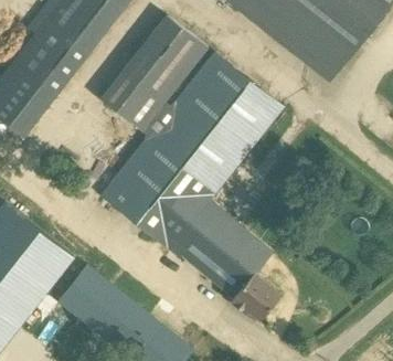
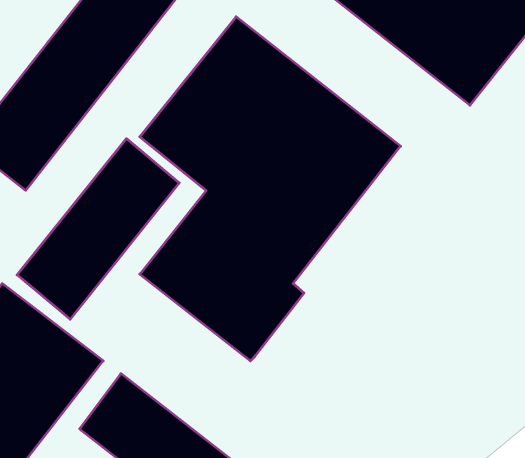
building: none -> [17,139,179,319]
building: [181,209,279,318] -> none

